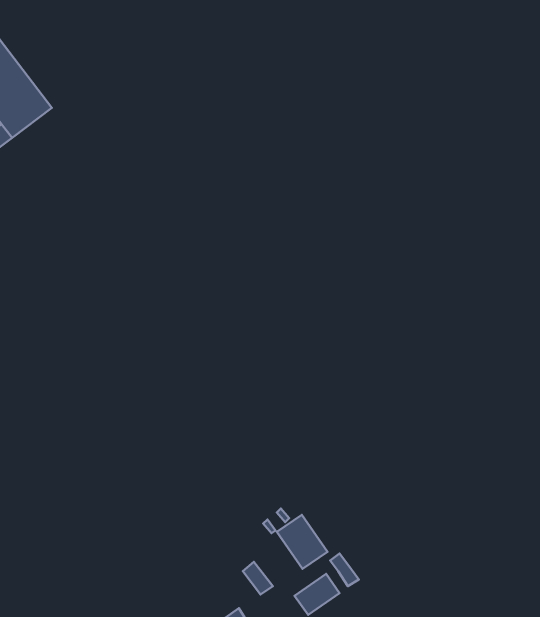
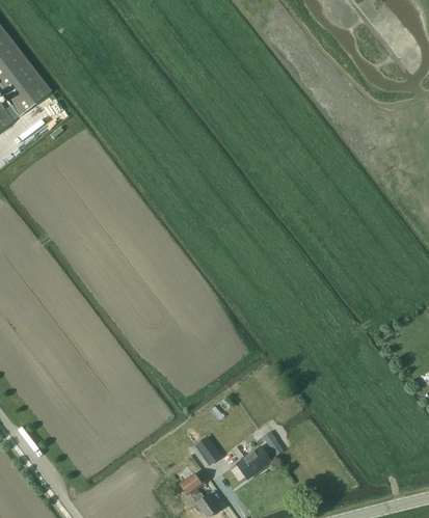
building: [277,515,327,569] -> none

